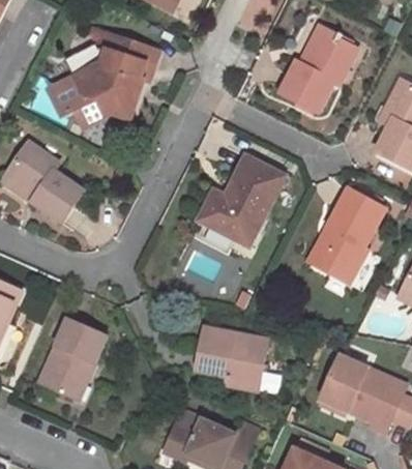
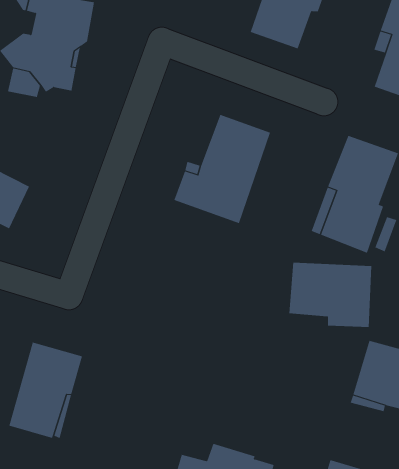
building: [196,326,269,388] -> [289,262,372,327]

